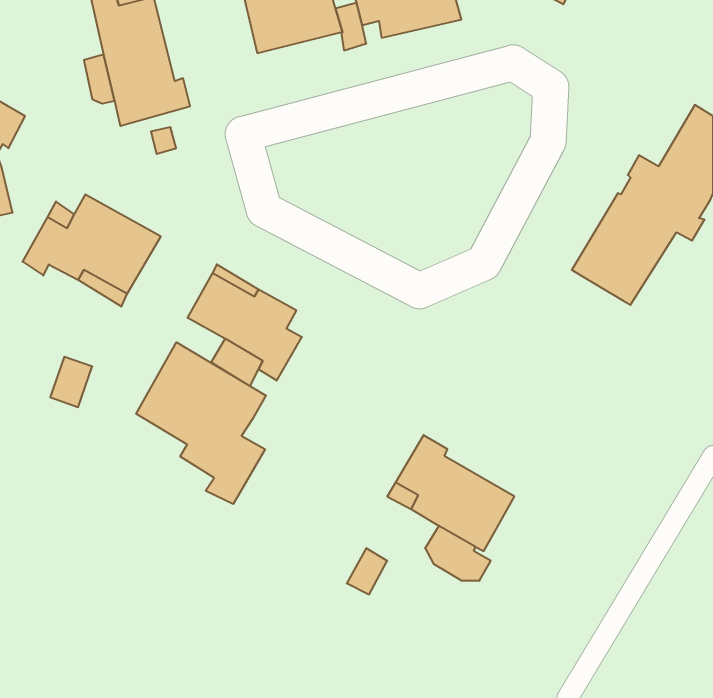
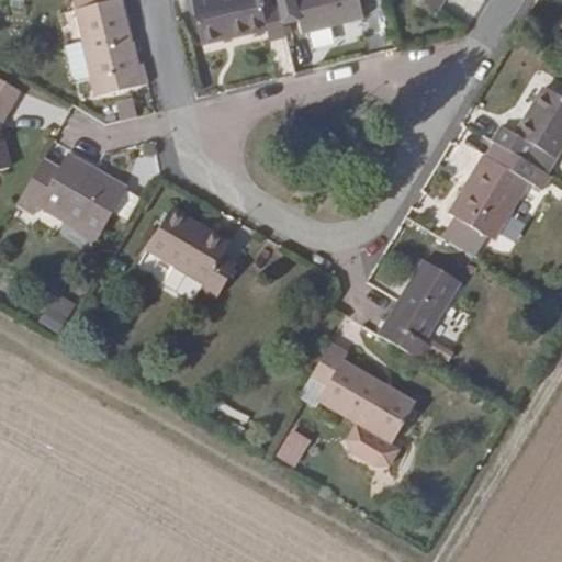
building: none -> [442,215,490,257]
building: none -> [381,258,465,362]
building: [136,342,266,504] -> none

